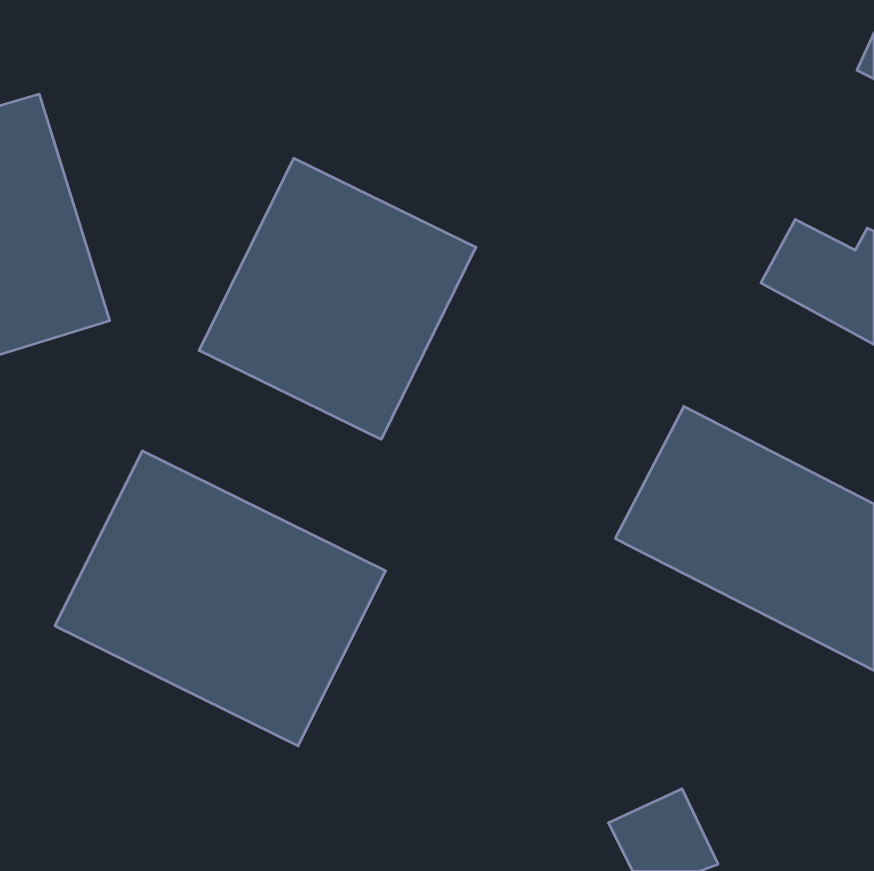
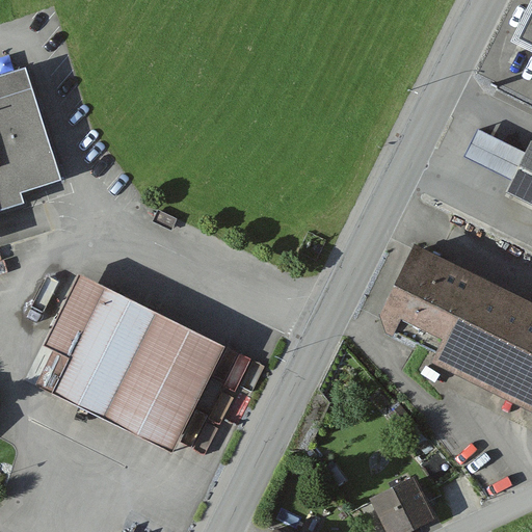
building: [199,158,476,439] -> none

